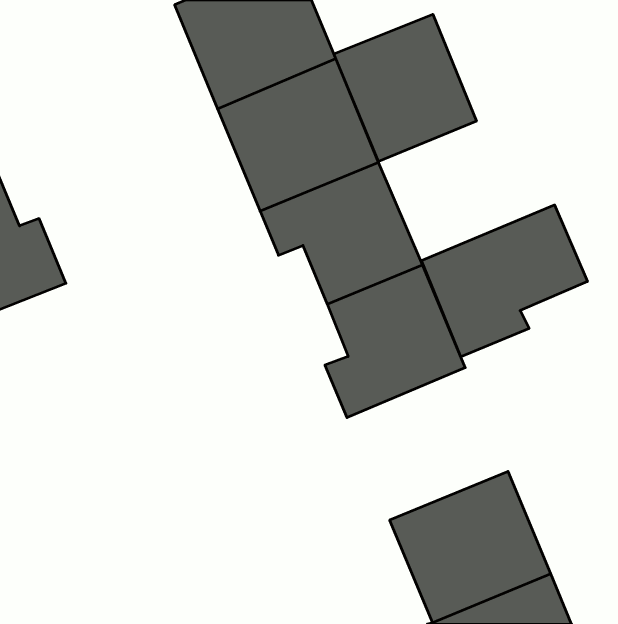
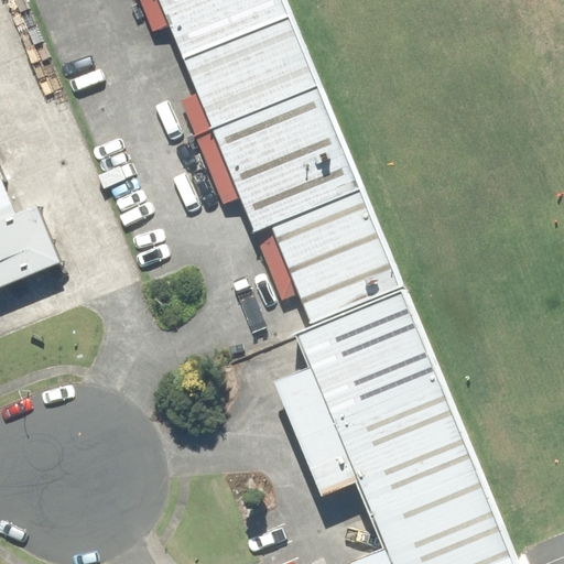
building: [334,14,476,161] -> none
building: [422,205,587,357] -> none
building: none -> [285,332,458,480]

